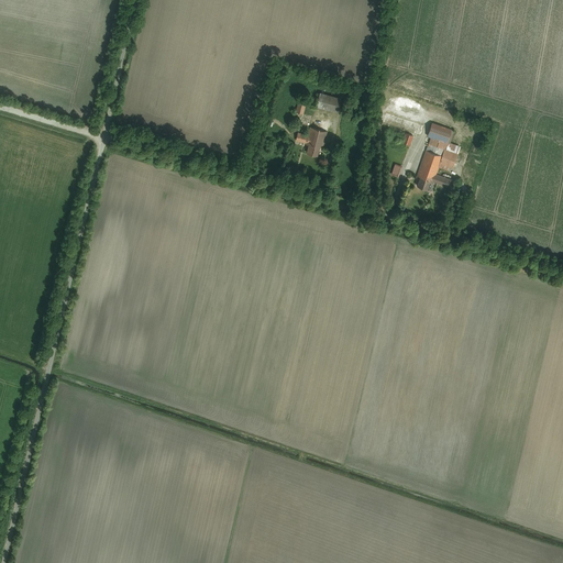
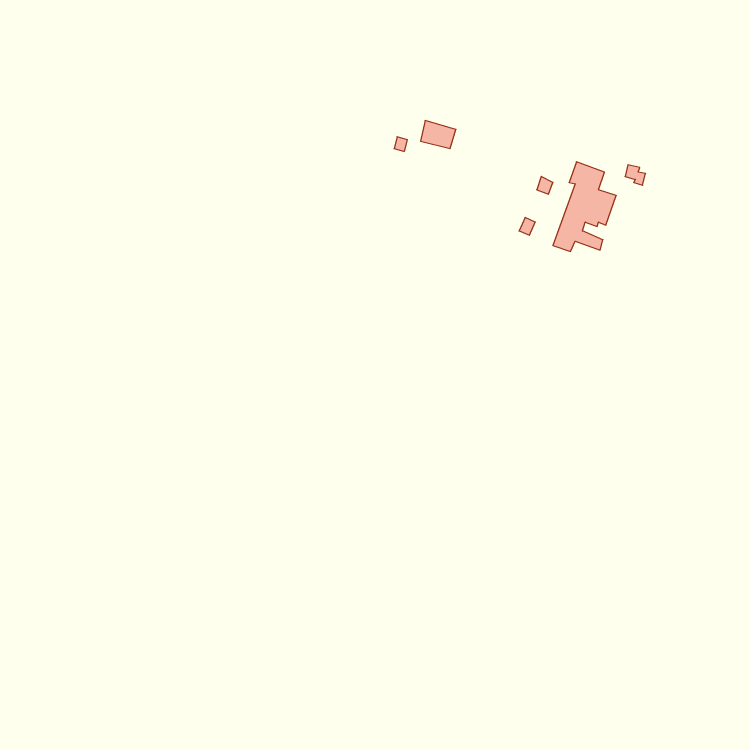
building: [296,128,328,156] -> none

